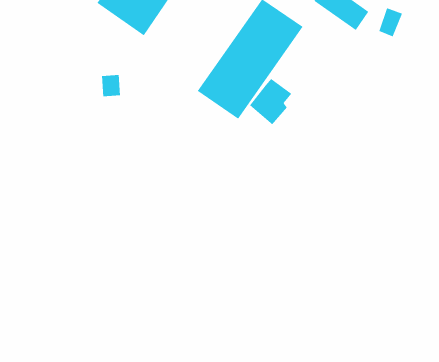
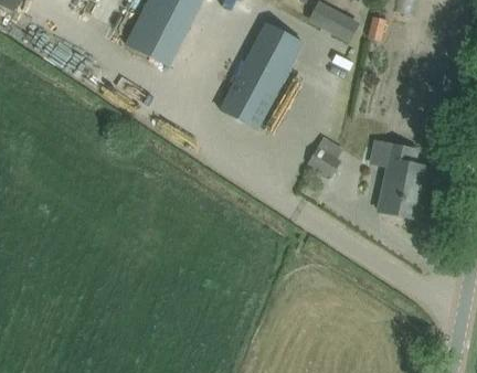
building: [249,78,292,125] -> [308,137,343,177]
building: none -> [372,141,428,217]

